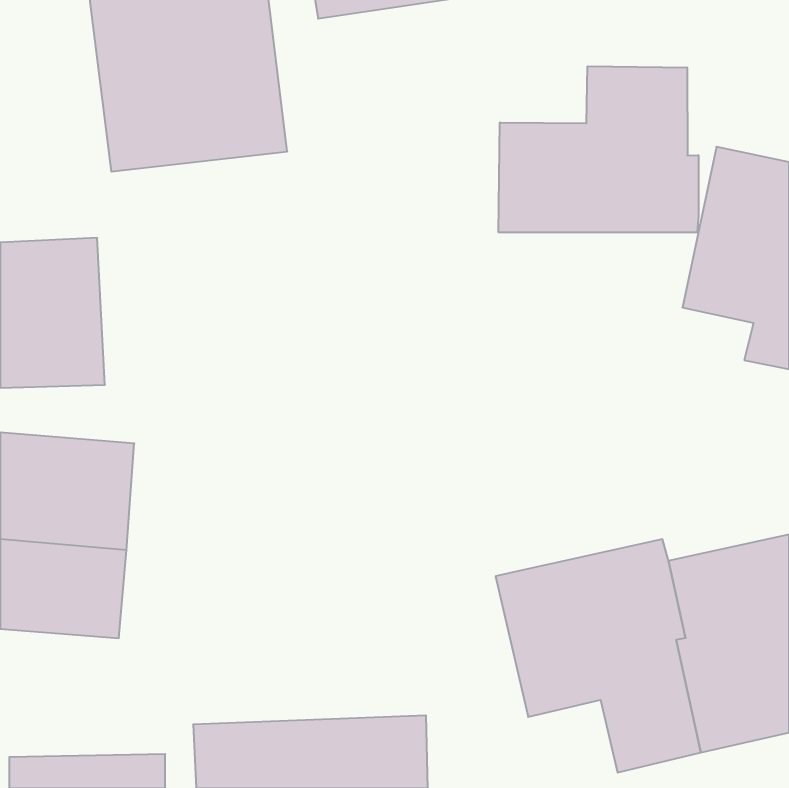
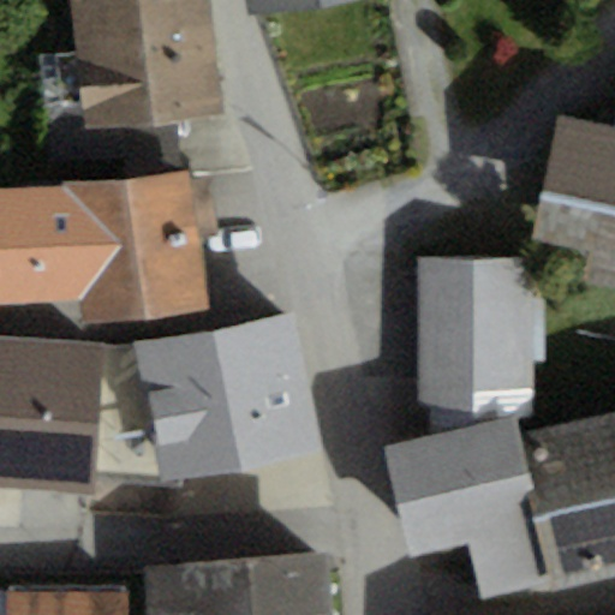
building: [499,66,699,232] -> none
building: none -> [76,173,207,330]
building: none -> [419,261,545,399]
building: none -> [132,310,329,484]

